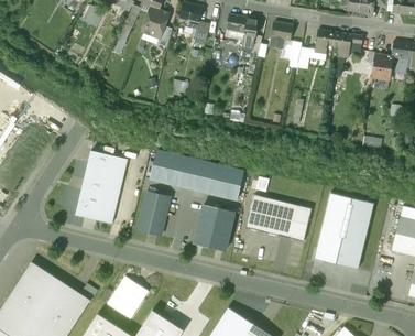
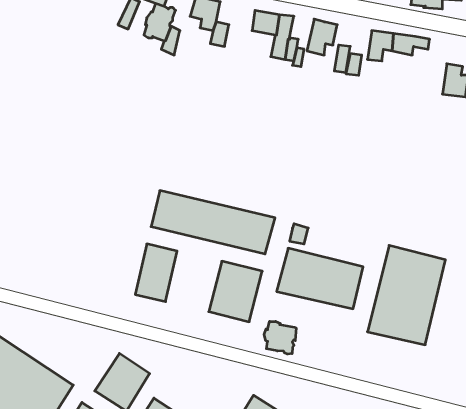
building: [75,151,122,220] -> none
building: none -> [264,321,296,354]

